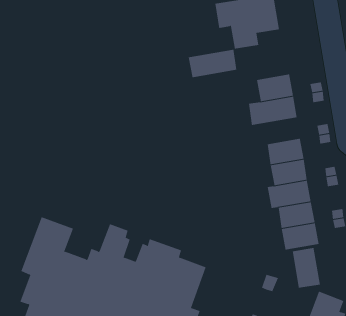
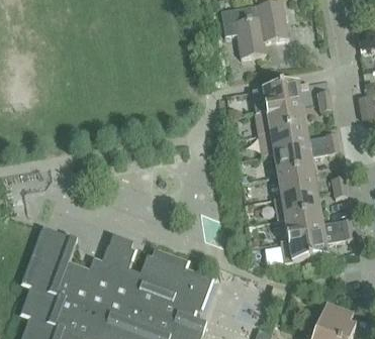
building: [188,49,237,78] -> [258,125,308,154]
building: [292,247,320,289] -> none

